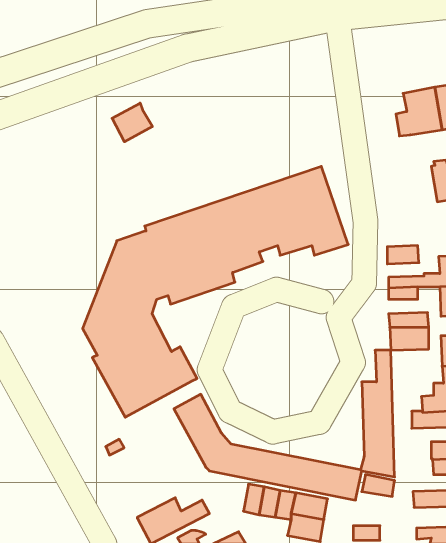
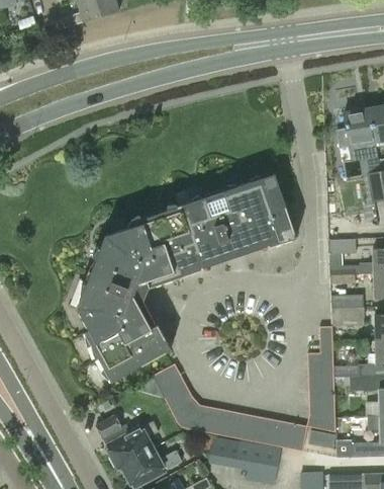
building: [112,103,152,142] -> none
building: none -> [96,416,159,469]

